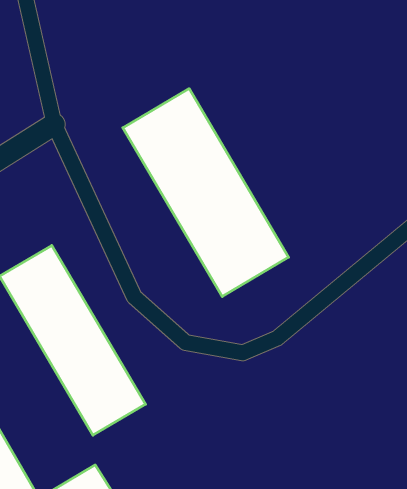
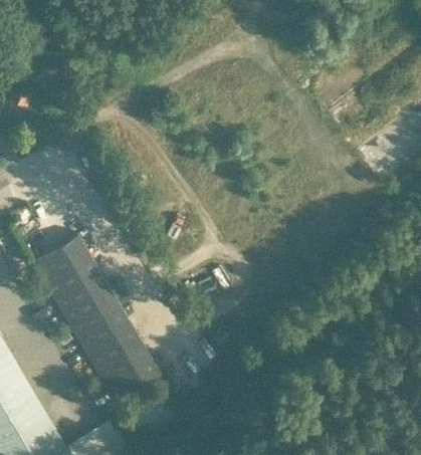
building: [123,89,289,297] -> none

